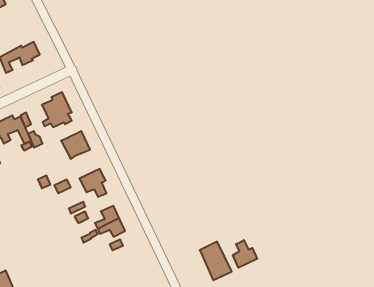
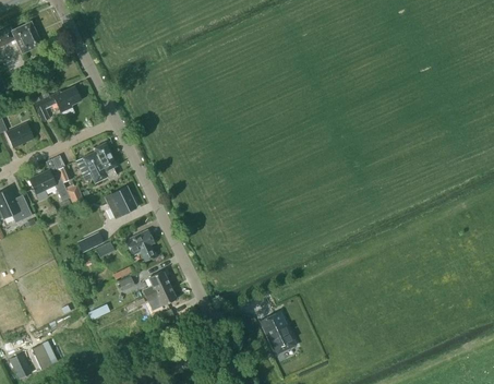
building: [233,240,257,268] -> none

